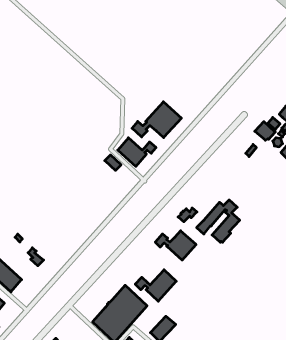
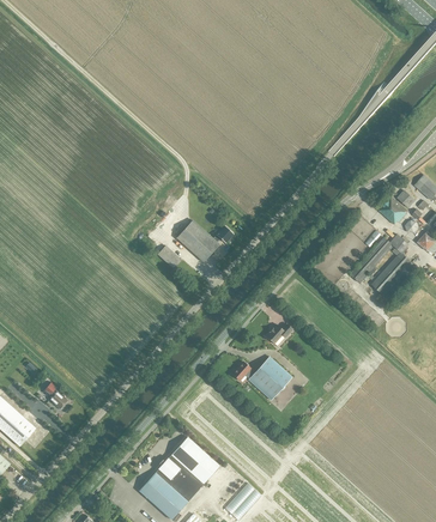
building: [132,102,181,138] -> none
building: [197,200,240,242] -> [349,233,412,296]
building: [135,270,176,301] -> none

